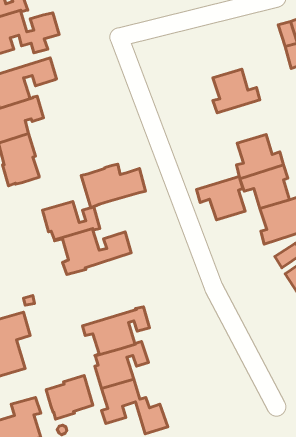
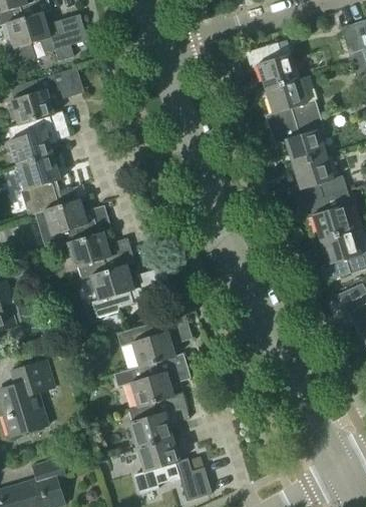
building: none -> [246,44,298,90]
building: [81,164,146,208] -> [37,199,111,249]
building: [197,176,245,220] -> [270,115,326,165]
building: none -> [113,313,192,376]
building: [46,375,93,419] -> none

